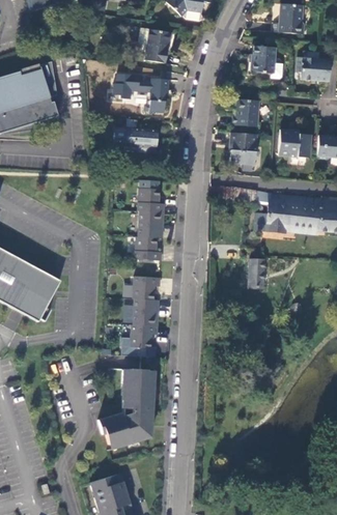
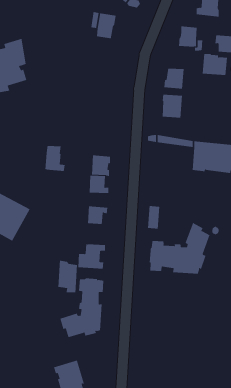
building: [113,73,168,112] -> none
building: [113,125,157,152] -> none
building: [277,130,310,158] -> [202,54,228,75]
building: [138,179,165,212] -> [44,145,65,171]
building: [249,257,265,287] -> [147,206,160,229]
building: none -> [149,222,210,275]
building: [134,298,160,325] -> none
building: none -> [58,260,78,293]

